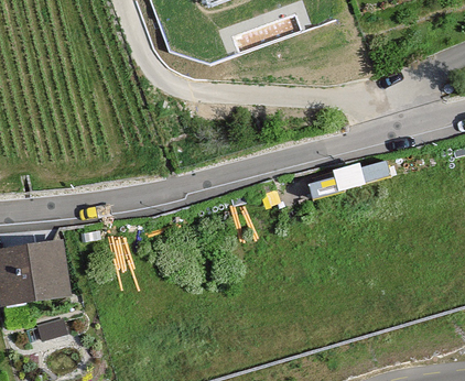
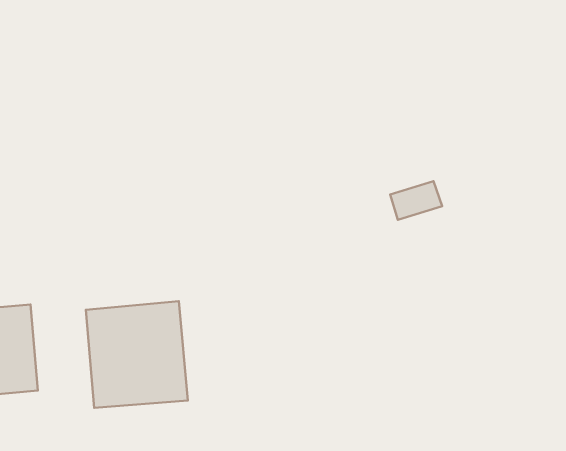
building: none -> [86,301,188,408]

